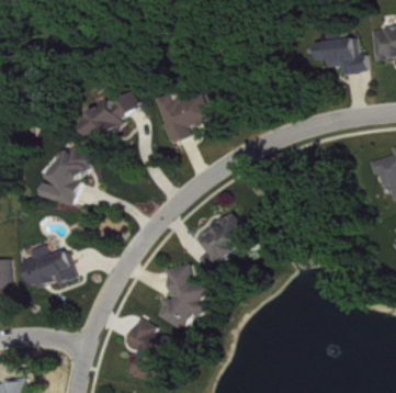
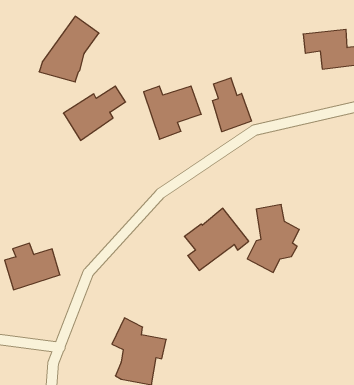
building: none -> [212,78,251,132]
building: [37,142,95,205] -> [39,16,99,82]
building: [157,263,207,329] -> [247,205,299,272]

